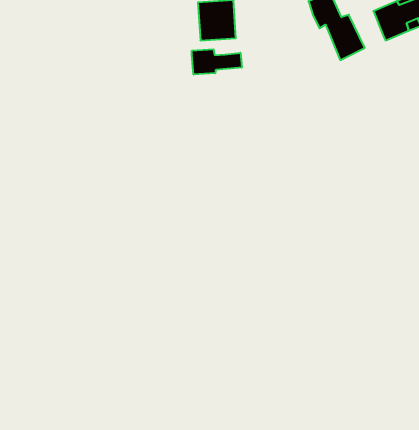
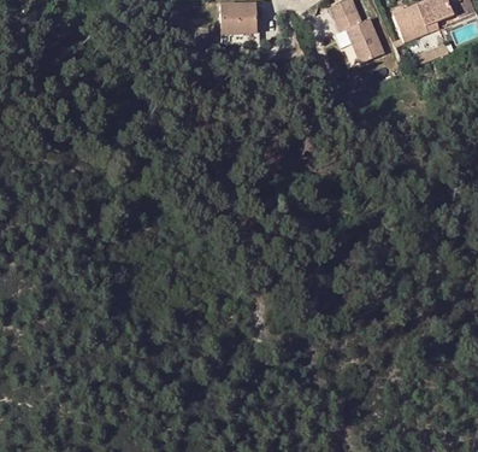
building: [192,49,242,75] -> none

